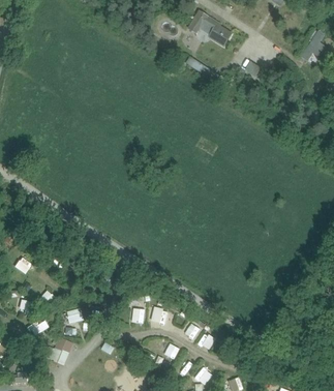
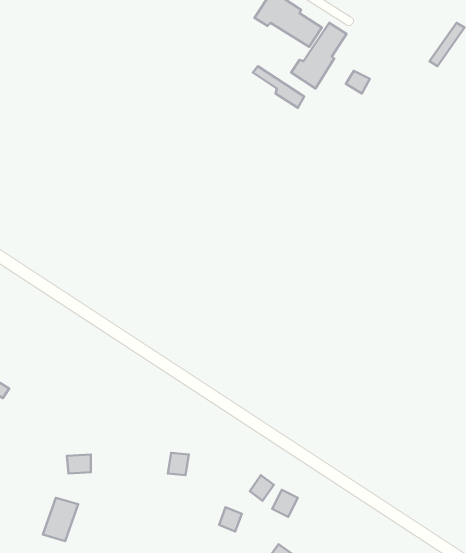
building: none -> [291,23,347,88]

